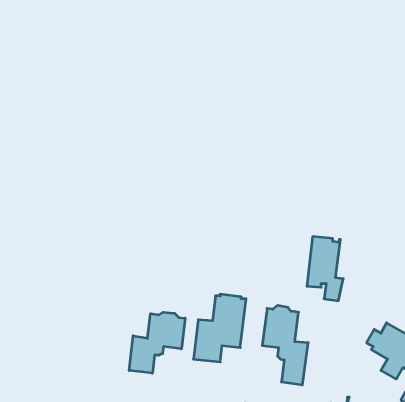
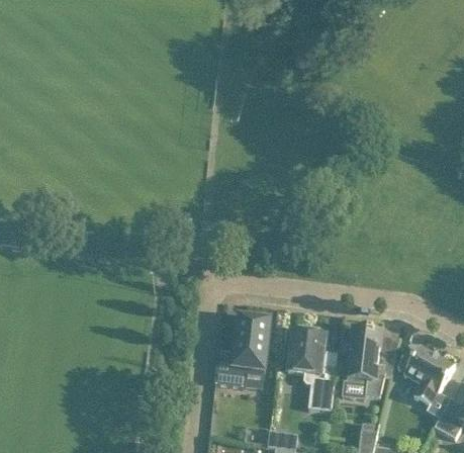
building: [307,237,343,301] -> [347,331,385,398]
building: [129,312,185,373] -> none

